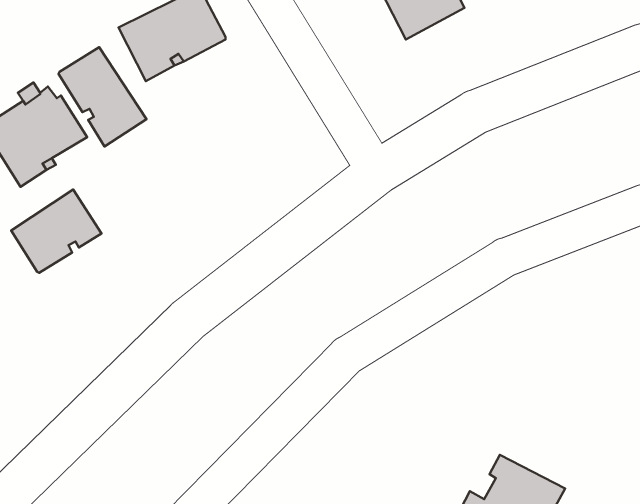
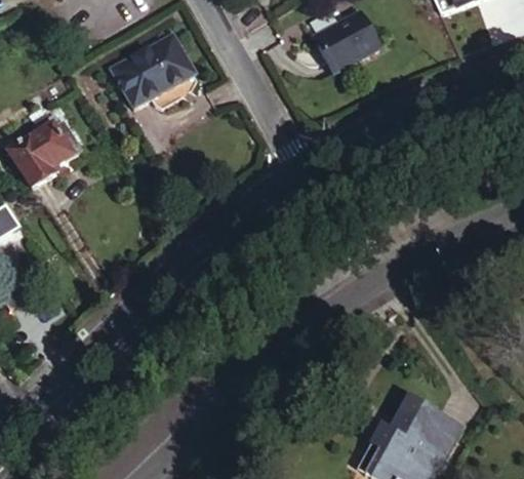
building: [59,47,147,146] -> none
building: [11,190,102,273] -> none

